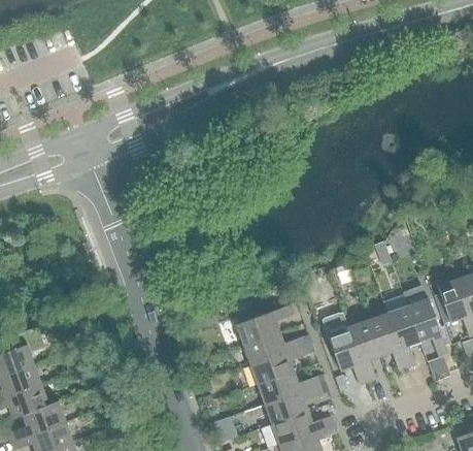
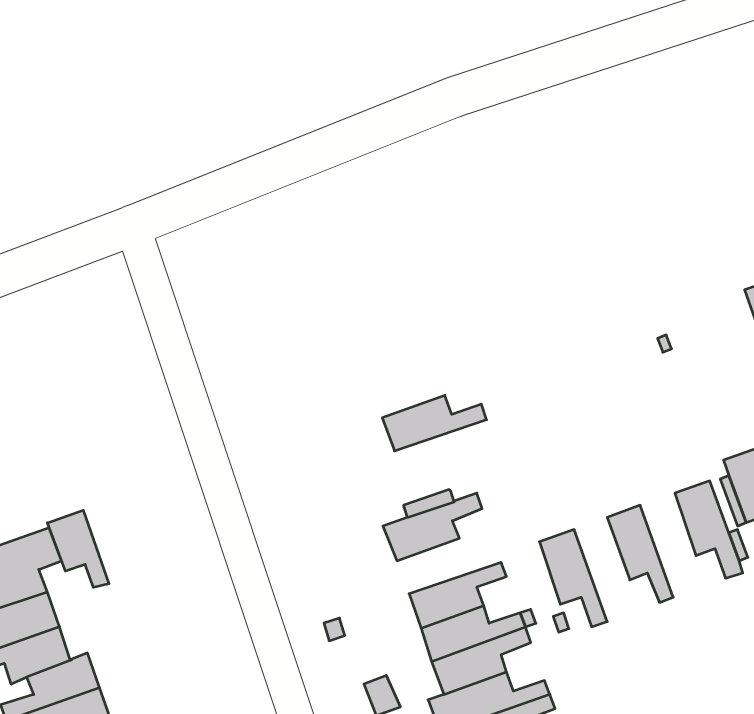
building: [386,305,419,367] -> none
building: none -> [47,510,109,587]
building: [347,320,380,382] -> none
building: [242,332,304,365] -> [382,395,487,451]

